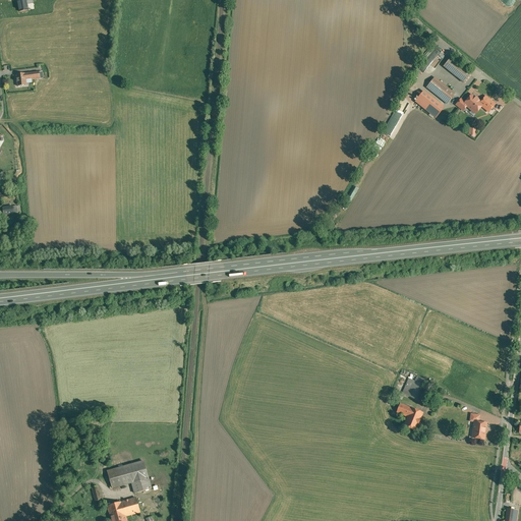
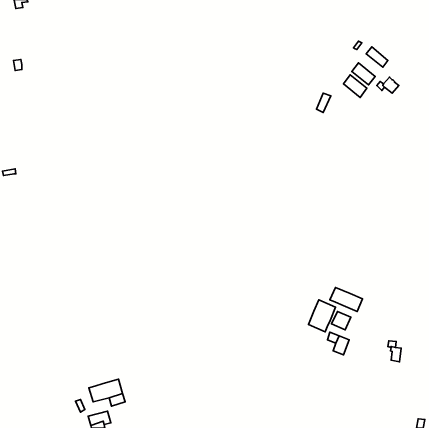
building: none -> [330,287,363,311]
building: none -> [309,300,336,332]

